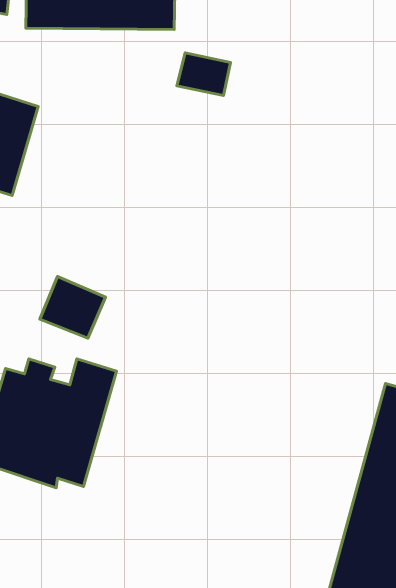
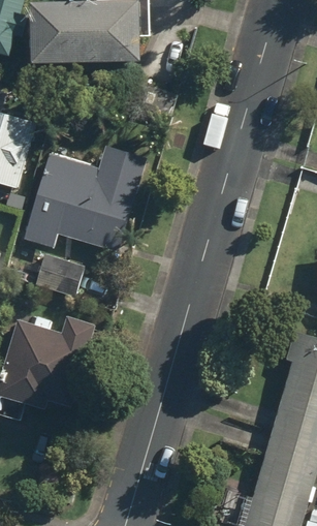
building: none -> [30,145,145,249]

